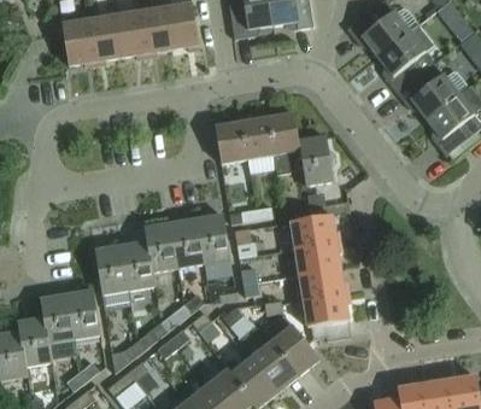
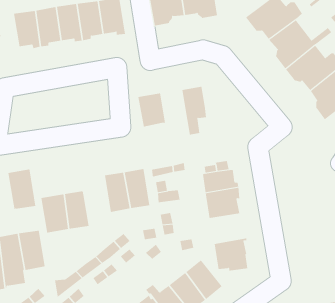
building: [242,117,274,158] -> none
building: [298,135,333,183] -> none
building: [145,222,180,285] -> [8,169,36,220]
building: [301,269,348,306] -> none

